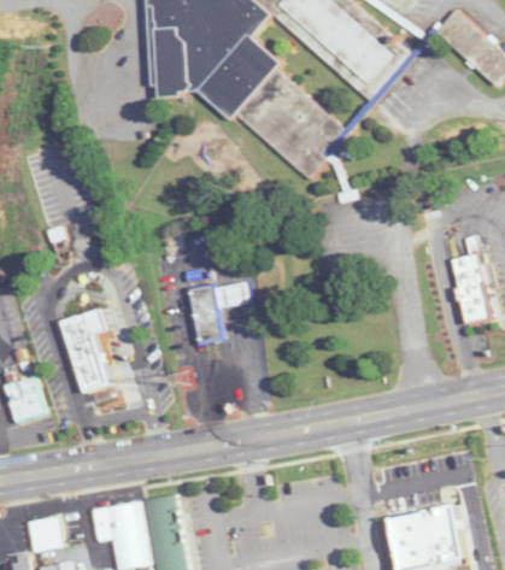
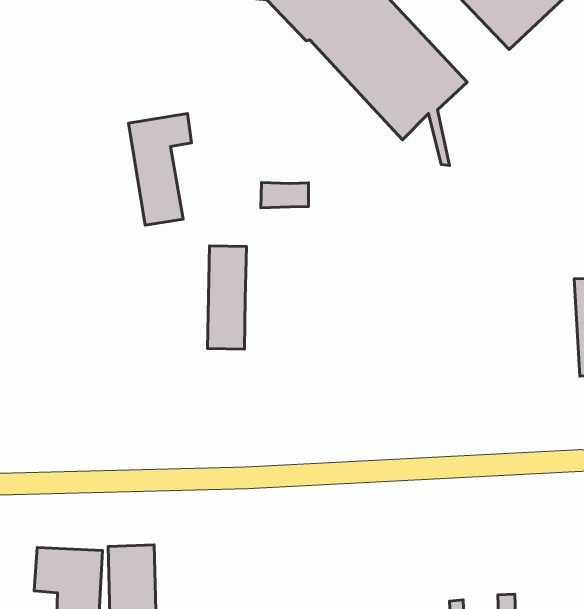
building: [215,286,251,308] -> [261,182,309,208]
building: [58,307,107,392] -> [129,113,191,225]

